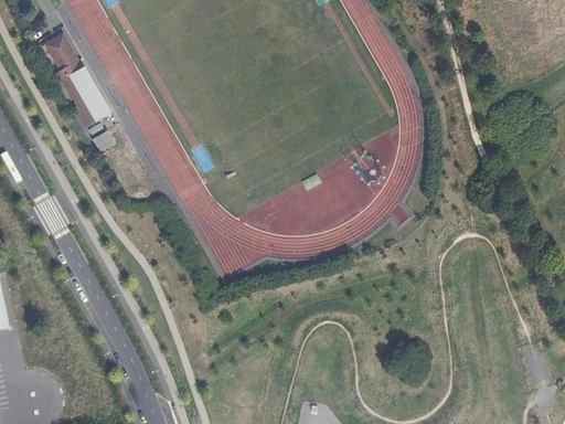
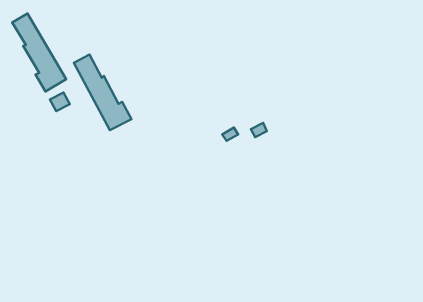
building: none -> [74,54,131,130]

